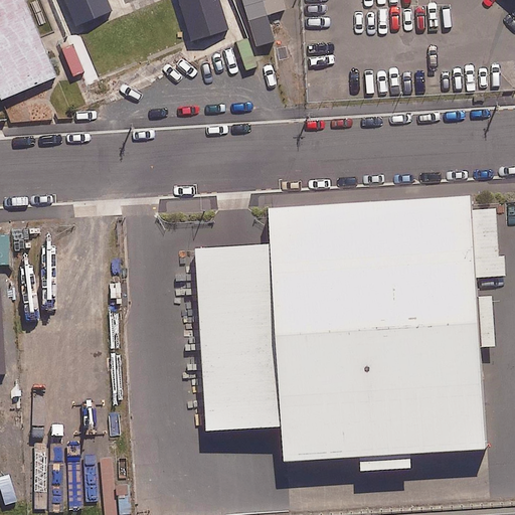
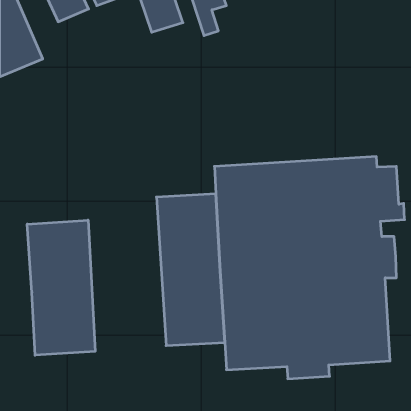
building: none -> [27,220,95,355]

